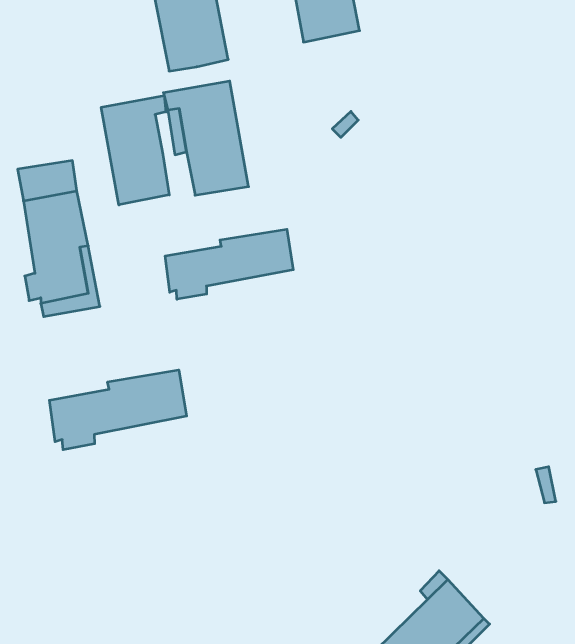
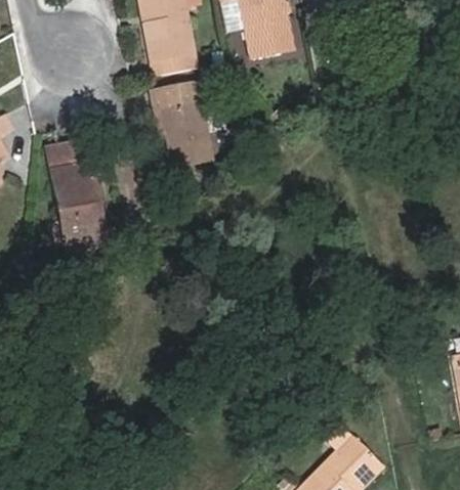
building: [101,96,169,205] -> none
building: [165,229,293,299] -> none
building: [49,370,187,450] -> none

